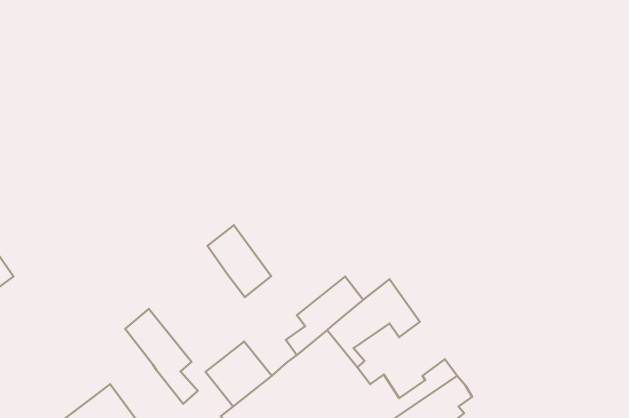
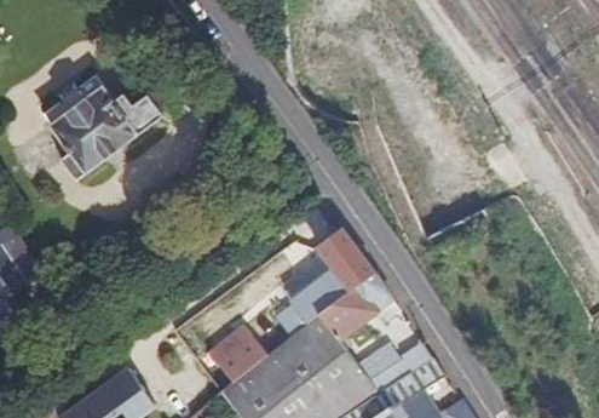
building: none -> [45,84,160,181]
building: [208,225,271,297] -> [315,228,370,291]
building: [125,309,198,404] -> none

